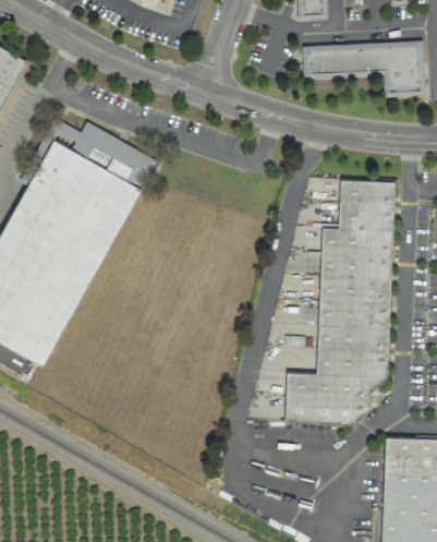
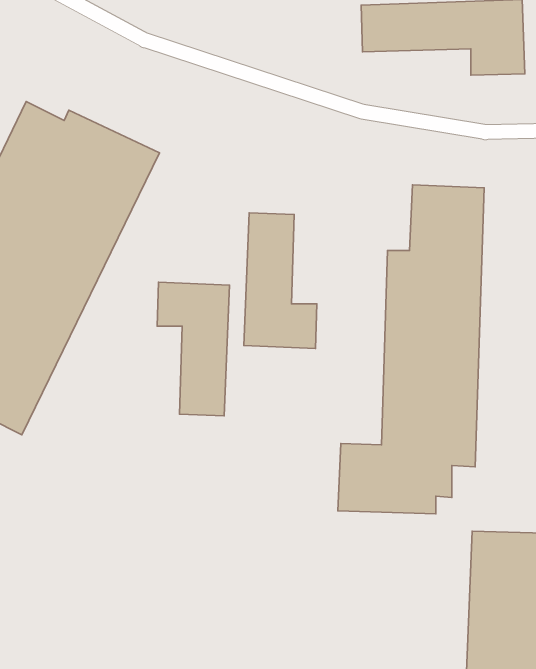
building: none -> [244,213,317,348]
building: none -> [157,282,230,416]

